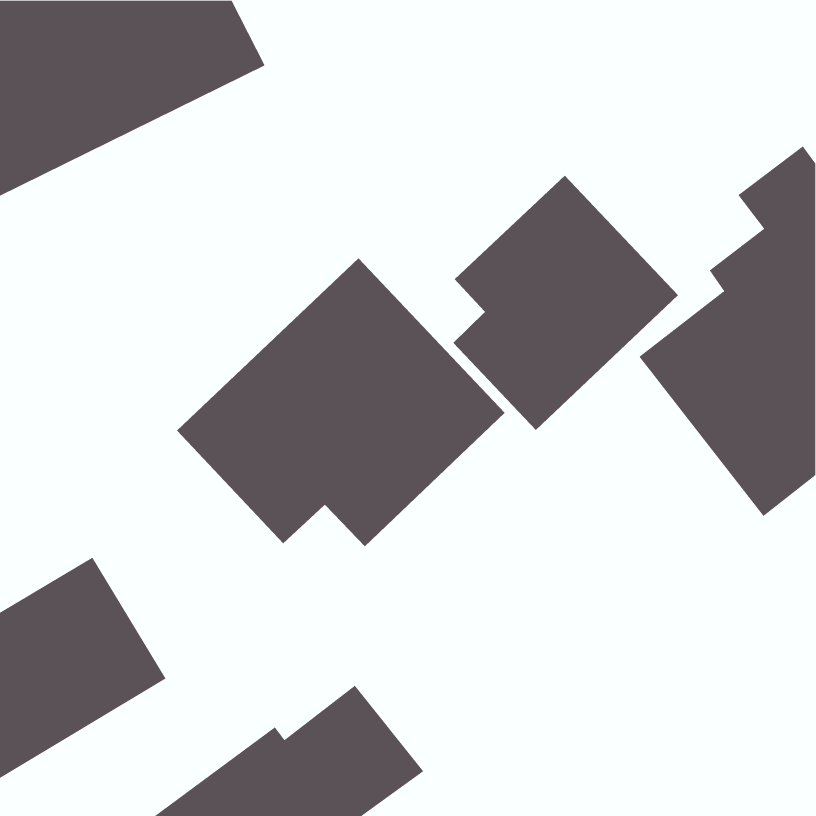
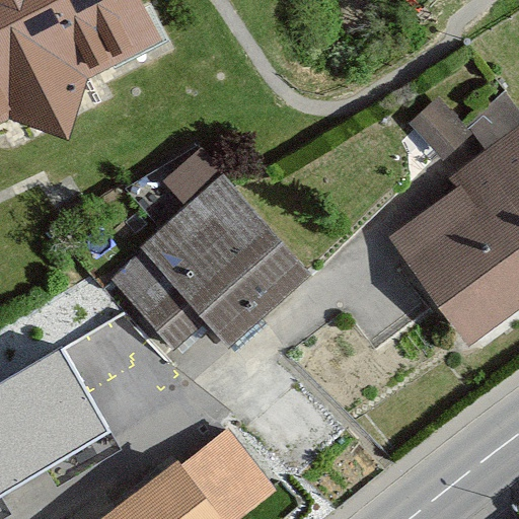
building: [452,175,679,431] -> none

